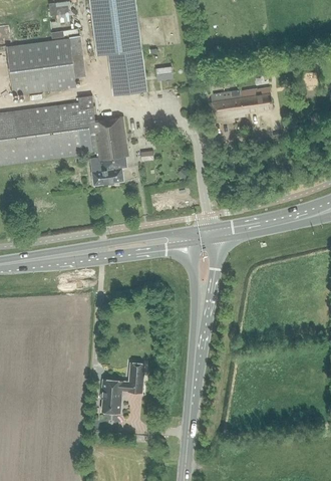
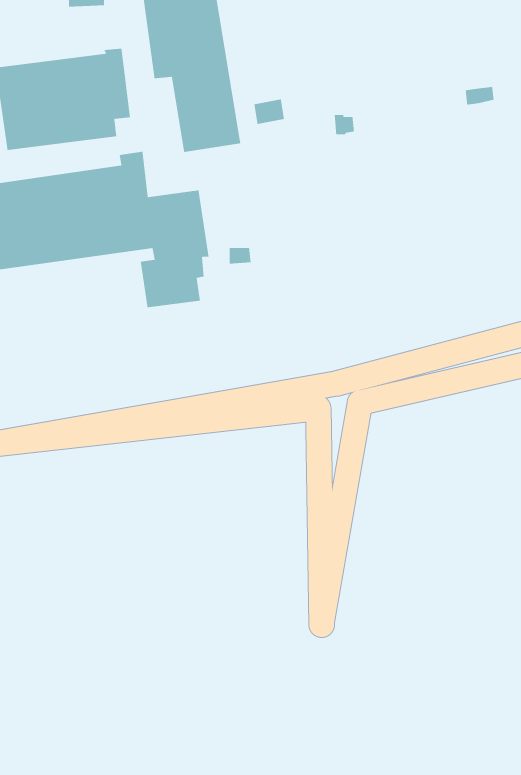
building: [211,86,272,123] -> none
building: [100,364,144,413] -> none

